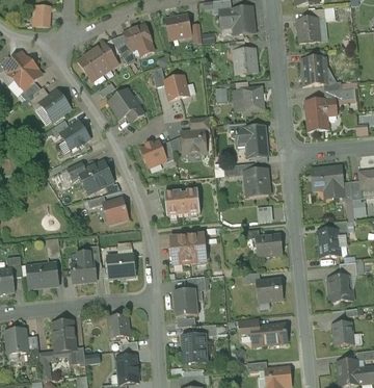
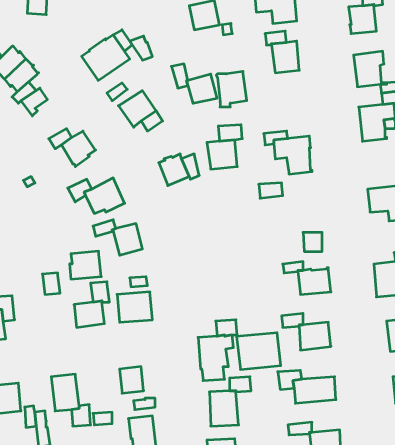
building: [124,24,152,49] -> none
building: [240,85,265,114] -> [216,71,247,107]
building: [39,89,71,120] -> none
building: [245,170,269,196] -> none
building: [164,188,201,216] -> none
building: [170,234,207,264] -> [237,333,281,369]
building: [30,264,56,287] -> [70,251,101,279]

